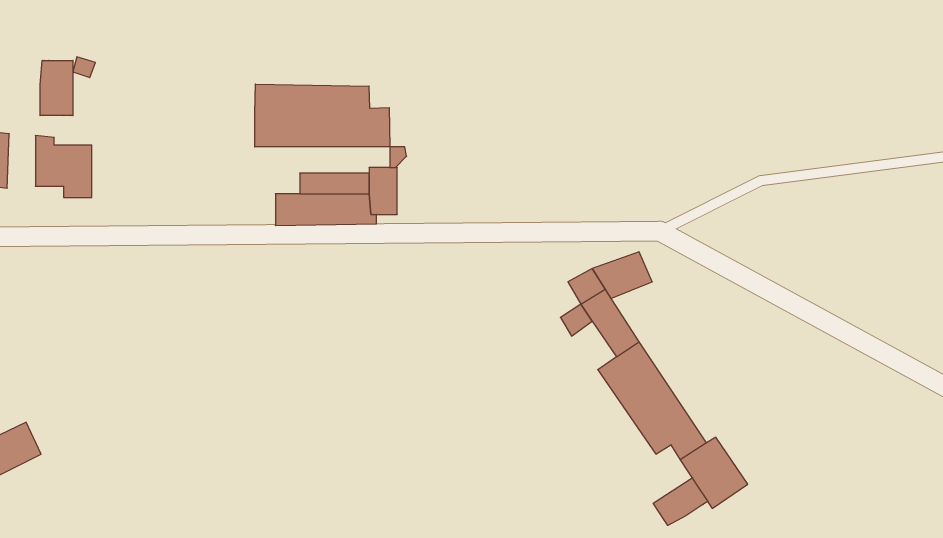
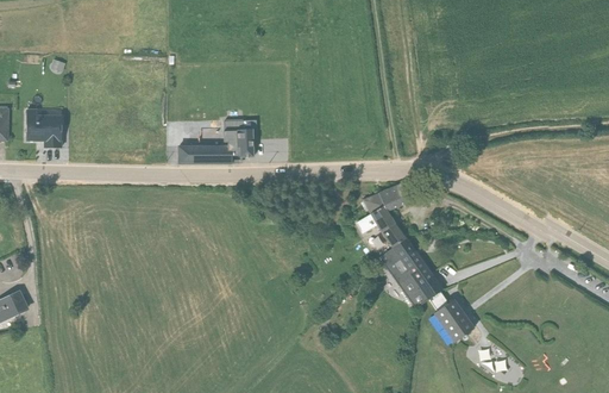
building: [40,60,73,116] -> none
building: [255,84,390,147] -> none
building: [653,478,708,525] -> none

